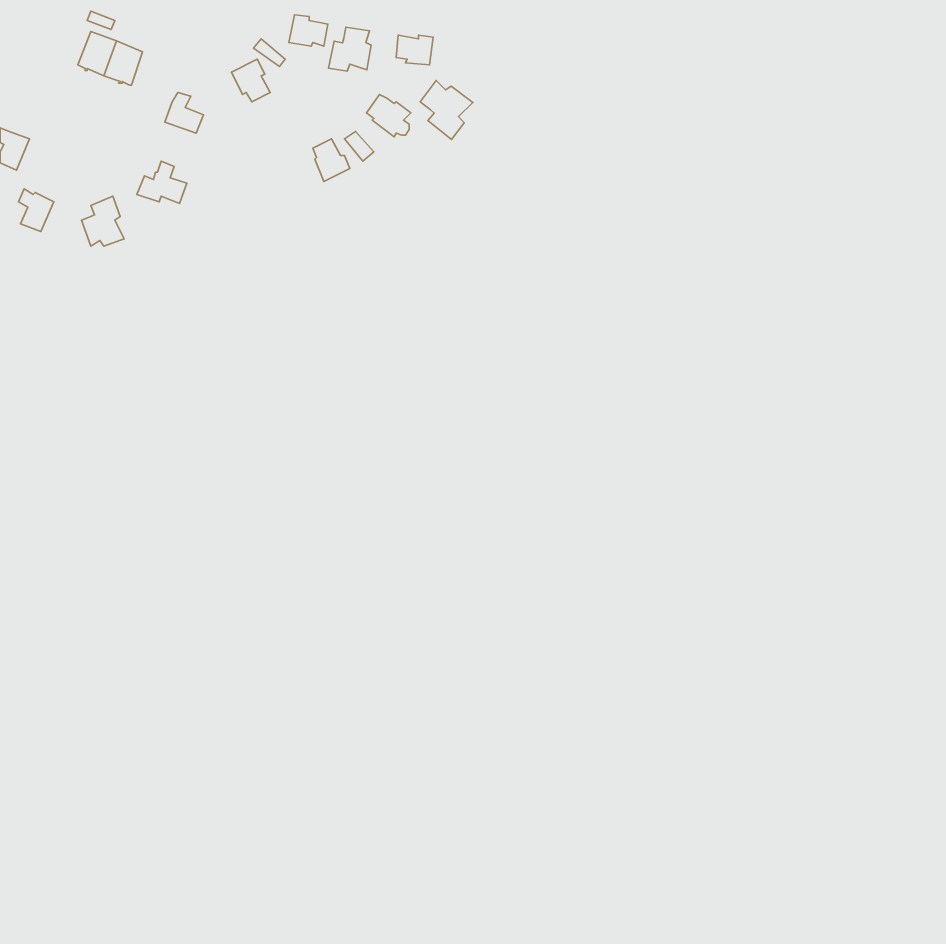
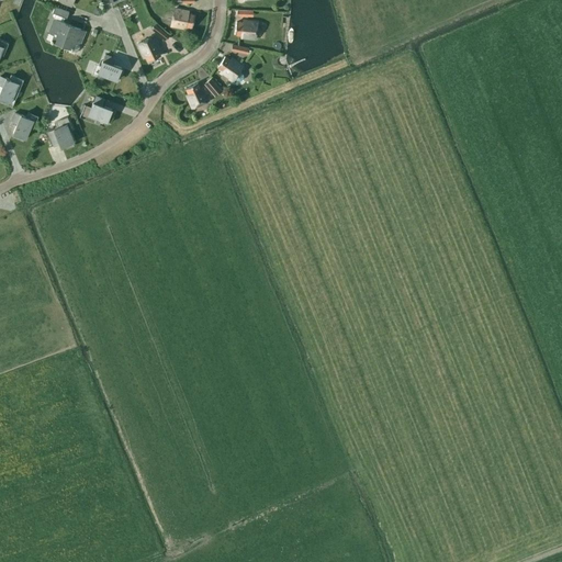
building: [329,27,371,71] -> none
building: [420,80,473,140] -> none

